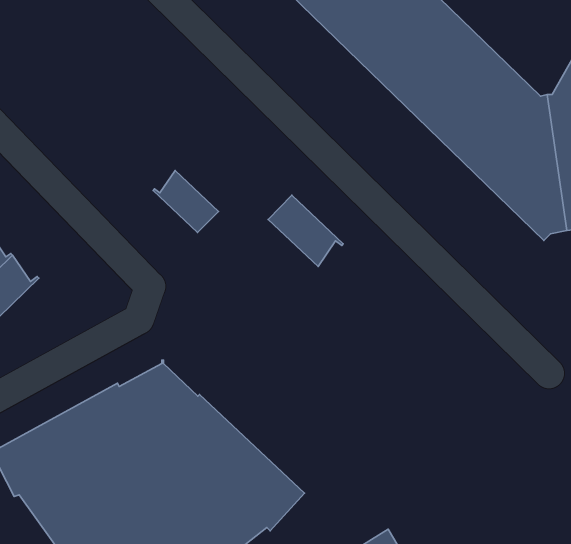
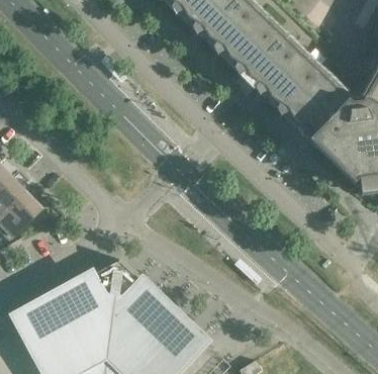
building: [153,170,218,233] -> none
building: [268,195,343,267] -> none

